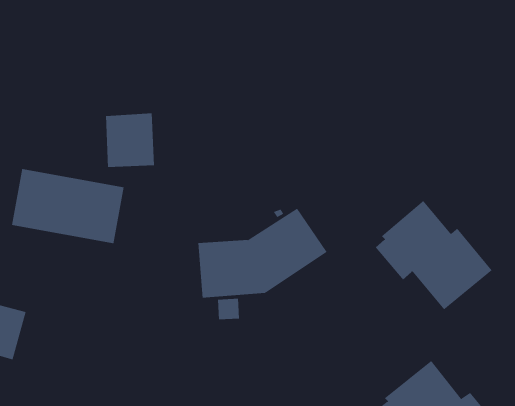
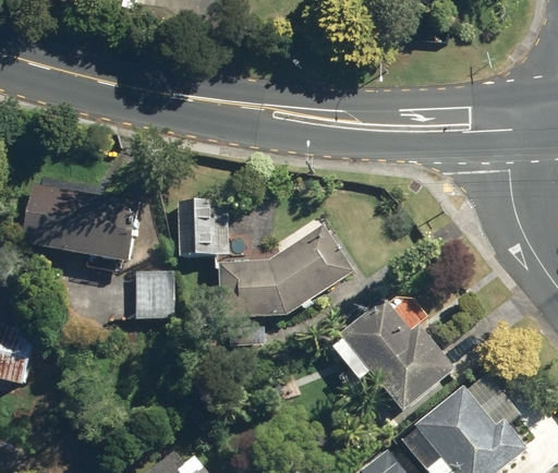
building: [105,113,155,167] -> [177,198,229,256]
building: [375,200,492,310] -> [330,295,454,412]
building: none -> [136,269,173,317]

